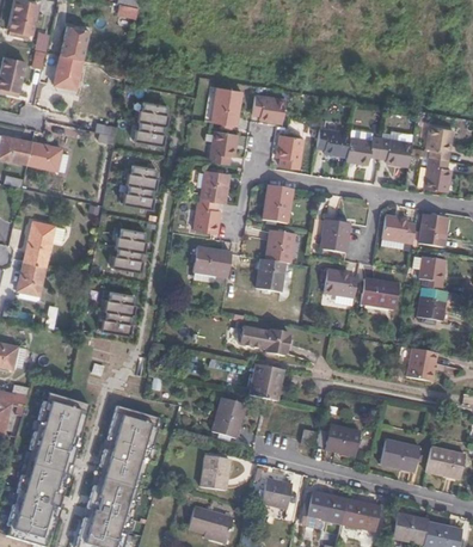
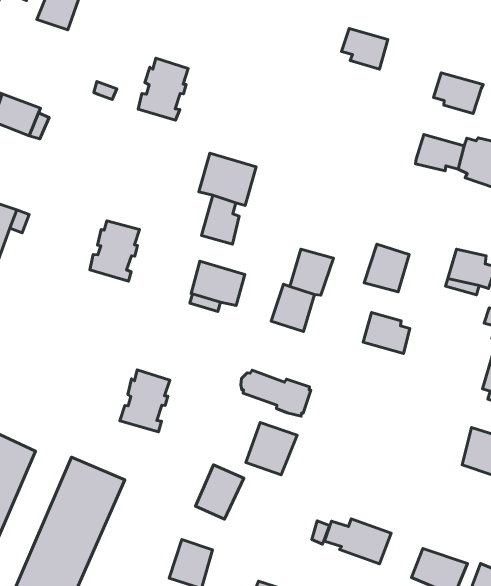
building: [213,86,242,124] -> none
building: [252,94,285,122] -> [342,28,388,69]
building: [315,124,351,152] -> [433,73,483,114]
building: [210,128,236,161] -> none
building: [278,128,305,164] -> none
building: [124,164,158,207] -> none
building: [263,184,293,223] -> none
building: [361,279,399,309] -> none
building: [103,288,136,332] -> [120,370,170,432]

